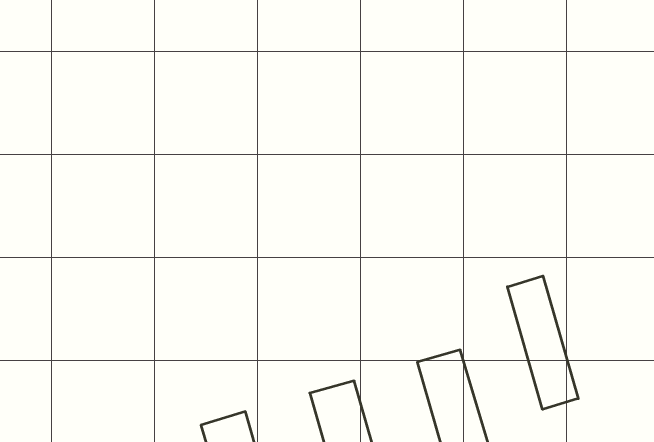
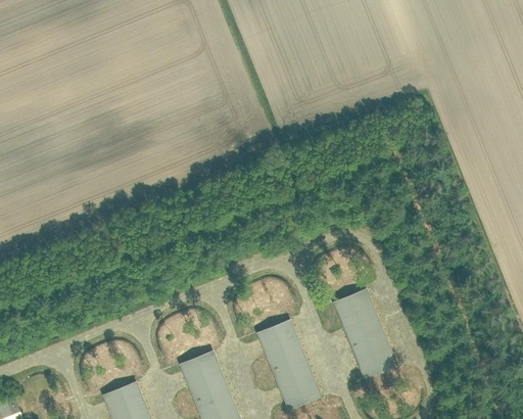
building: [507,276,578,409] -> none

